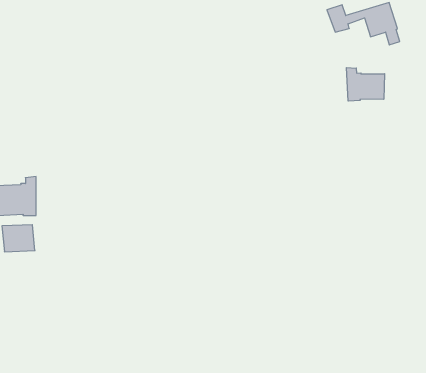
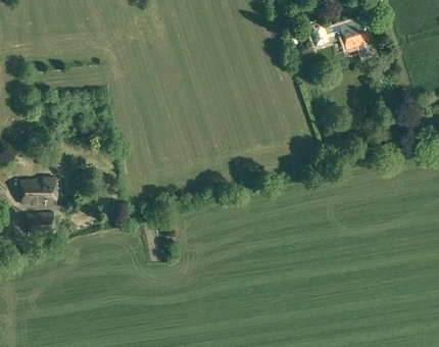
building: [347,68,385,101] -> none

